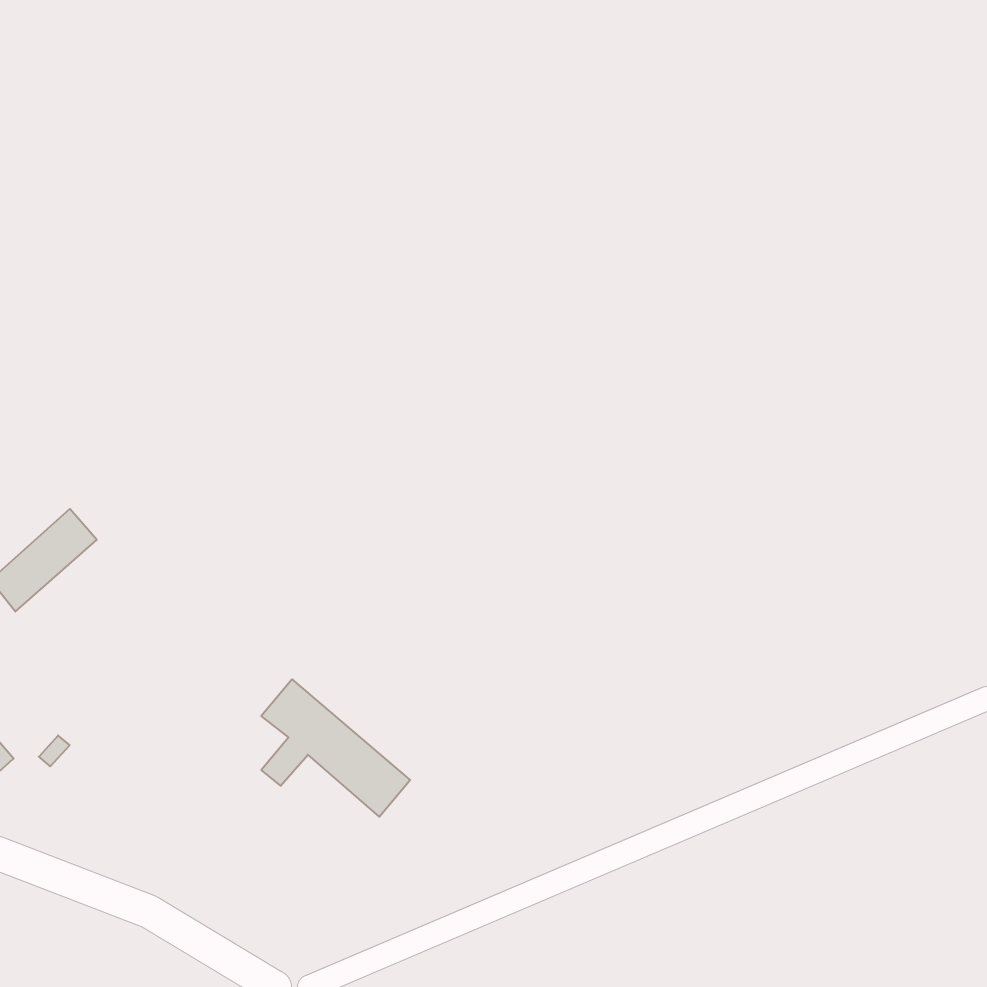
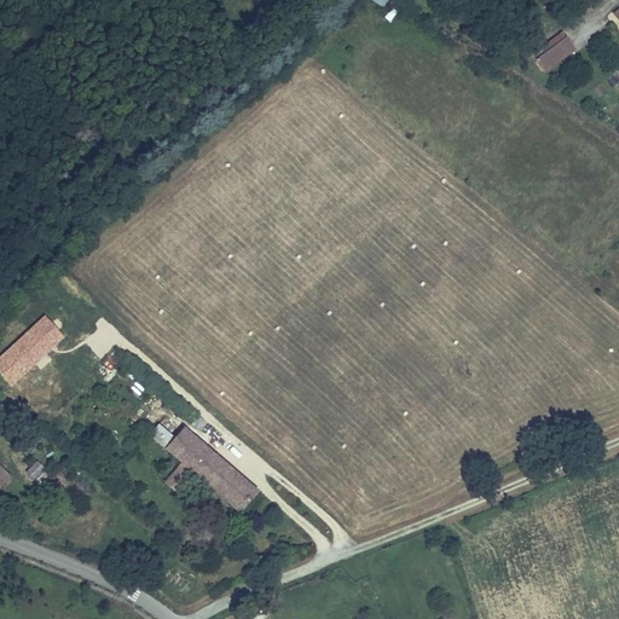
building: none -> [534,30,574,73]

